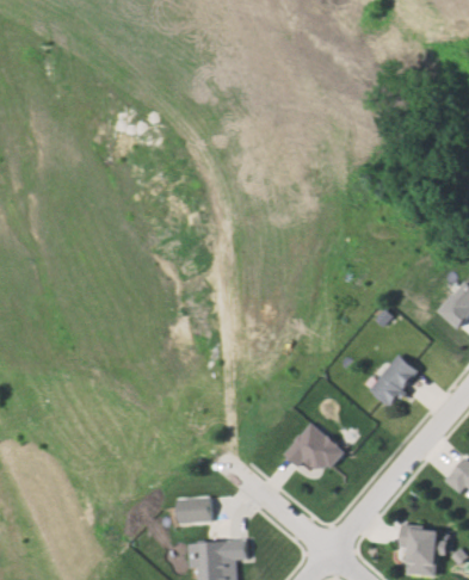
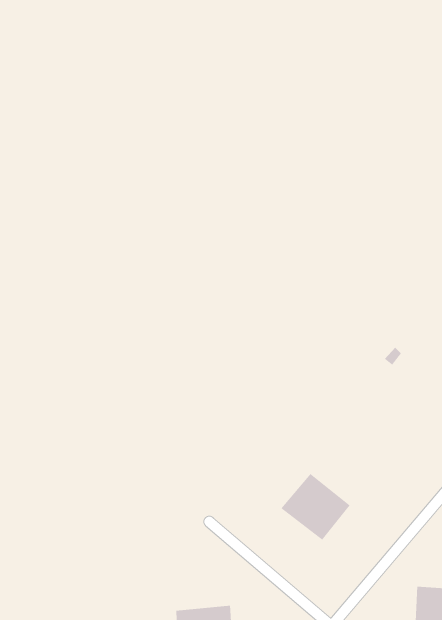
building: [368,352,420,406] -> none
building: [179,498,211,524] -> none

